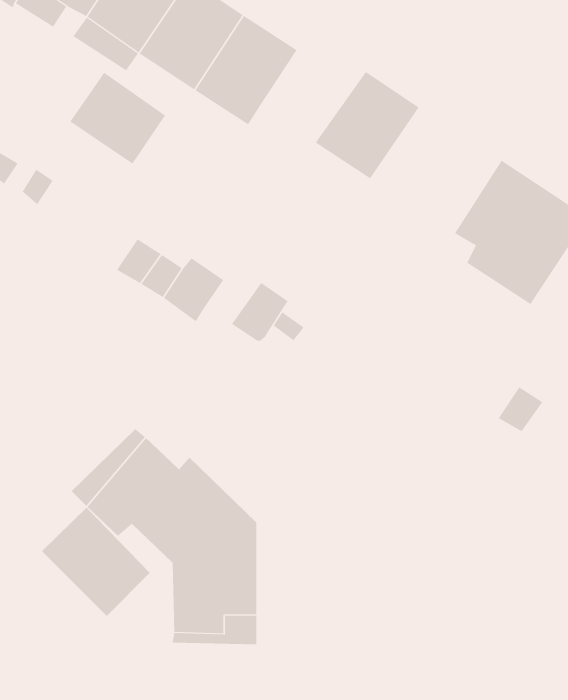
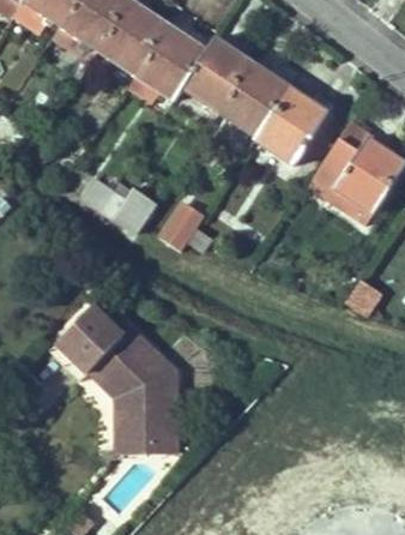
building: none -> [181,37,253,112]
building: [70,72,166,164] -> none
building: none -> [255,88,334,164]
building: [41,507,150,617] -> none

